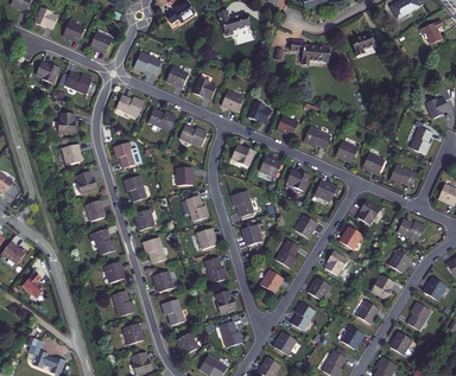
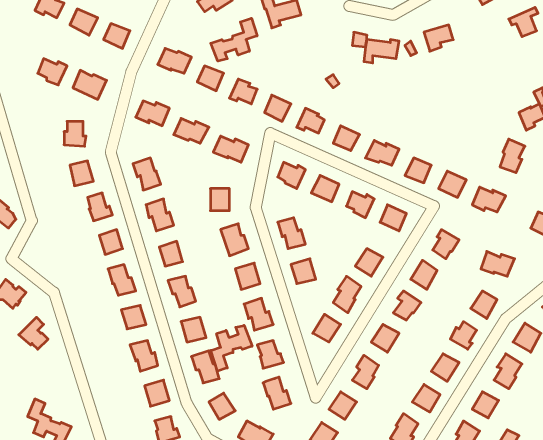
building: none -> [211,18,257,61]
building: none -> [211,325,252,371]

